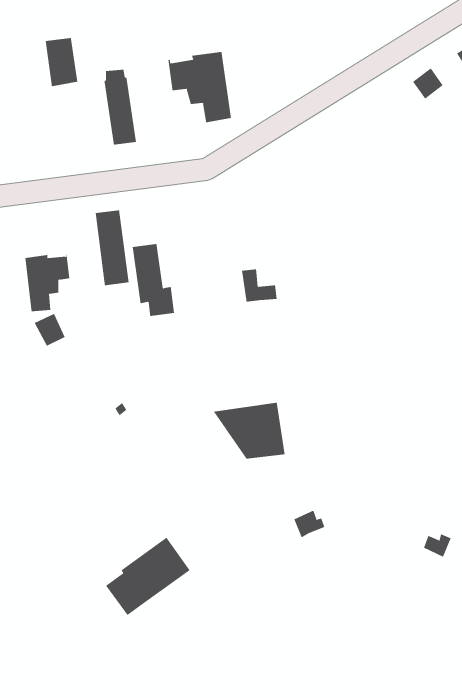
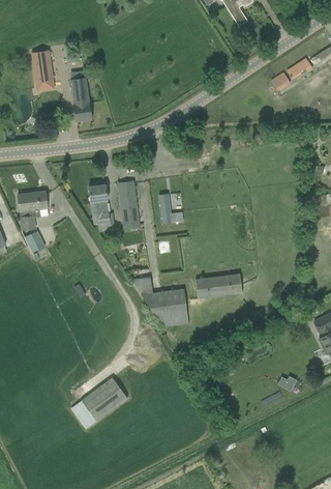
building: [168,51,232,123] -> none
building: [95,210,129,286] -> [117,180,140,230]
building: none -> [195,271,242,297]

